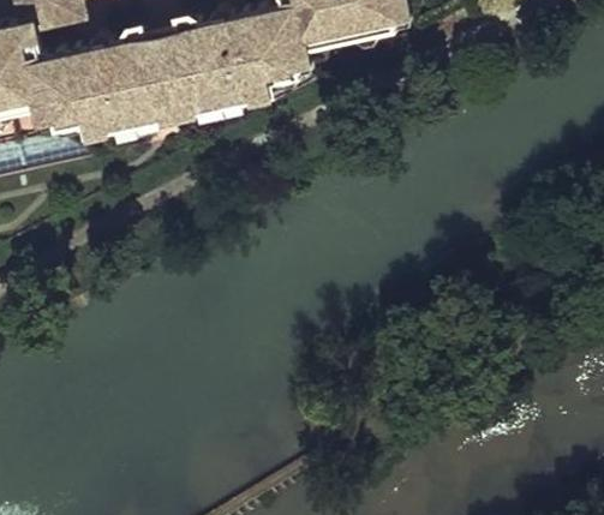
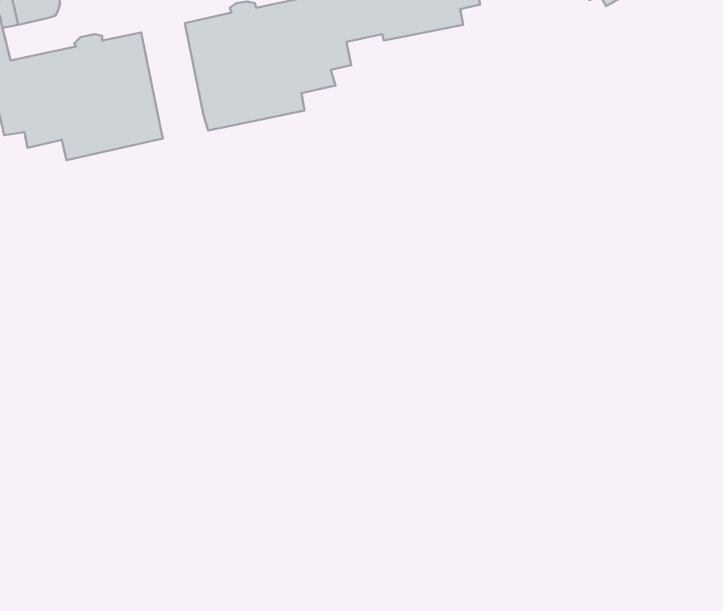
building: [144,34,192,112] -> none

